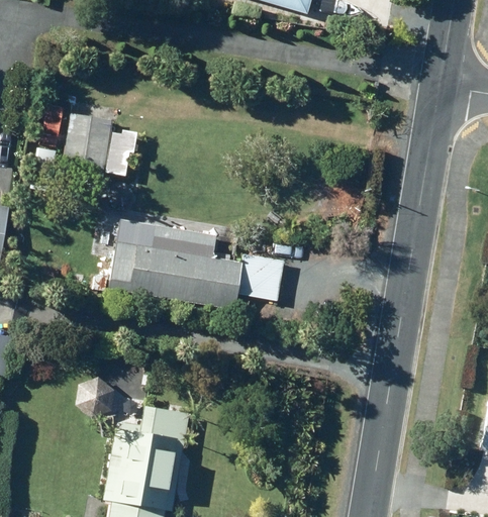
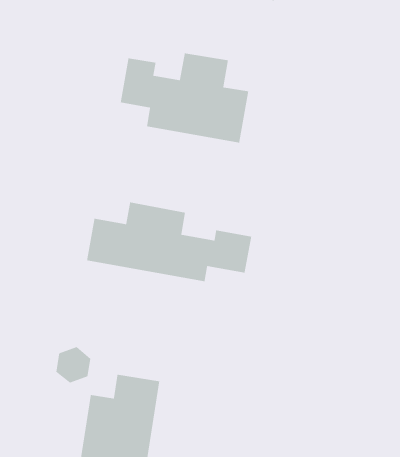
building: none -> [120,53,249,143]
building: [51,114,112,181] -> none

